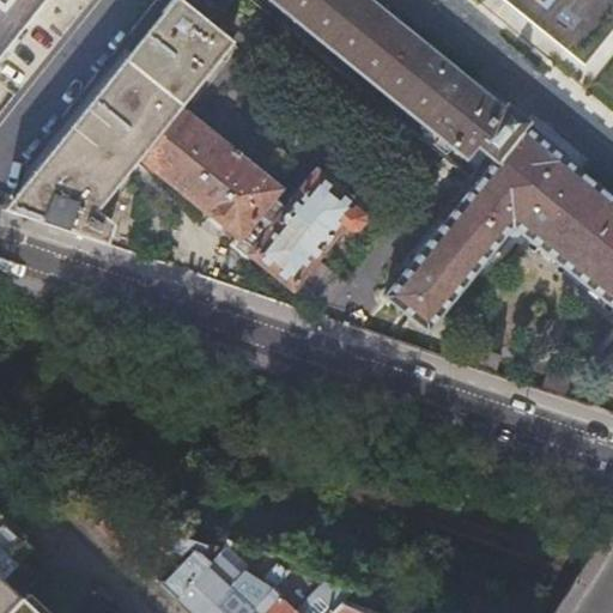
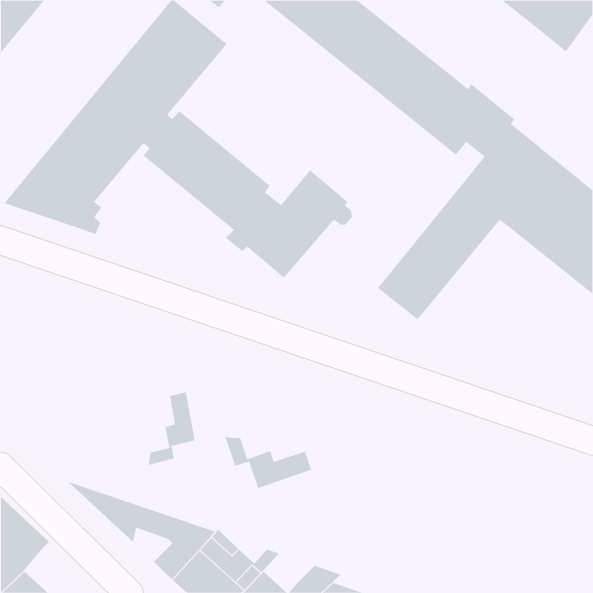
building: none -> [148,392,195,466]
building: none -> [225,436,312,489]

